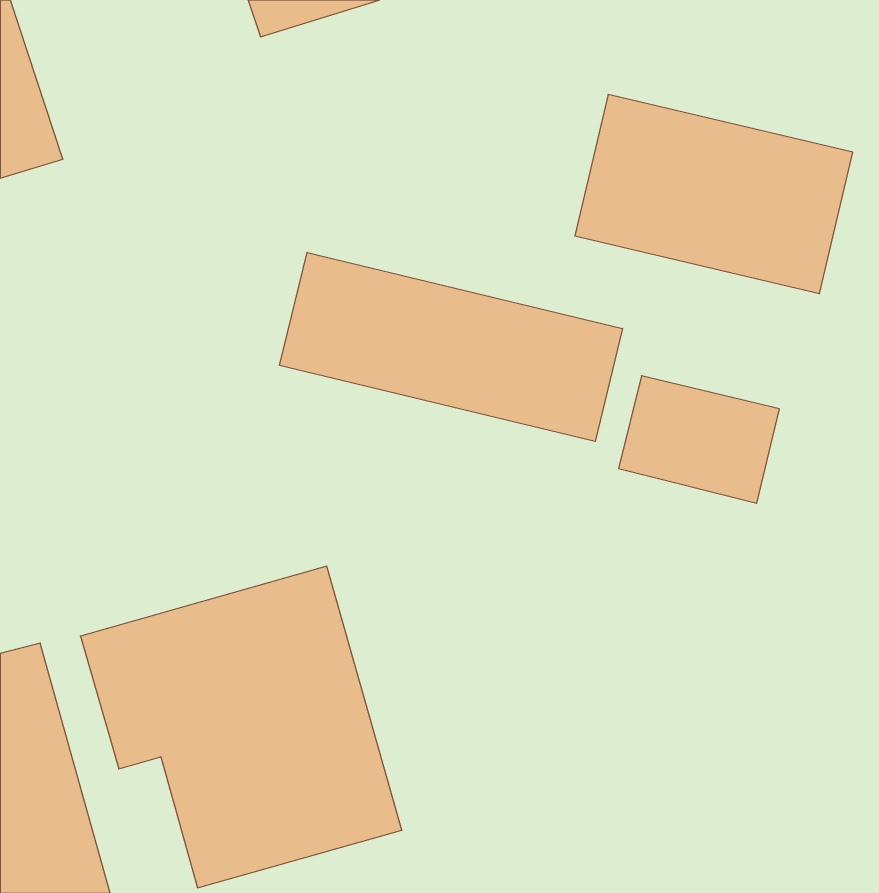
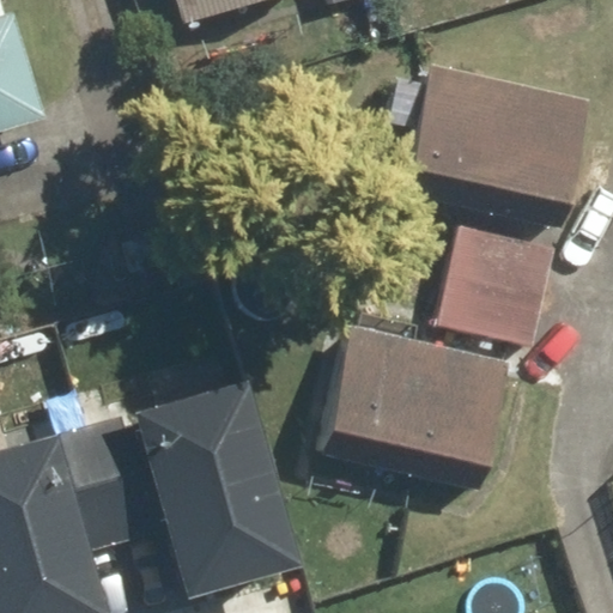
building: [280,252,622,441] -> none
building: none -> [323,333,509,478]

